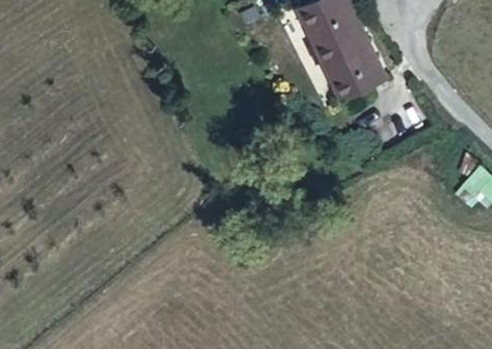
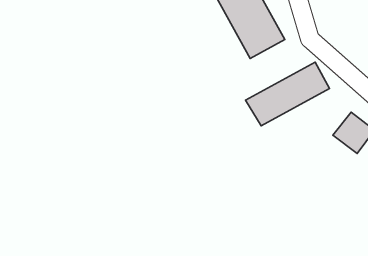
building: none -> [245,62,329,126]

